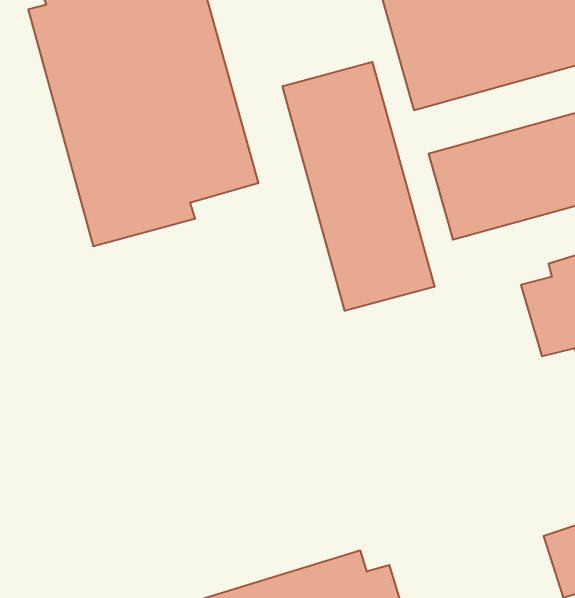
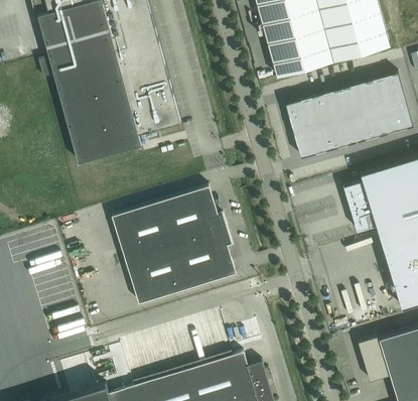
building: [283,62,435,311] -> none
building: none -> [112,186,236,304]

